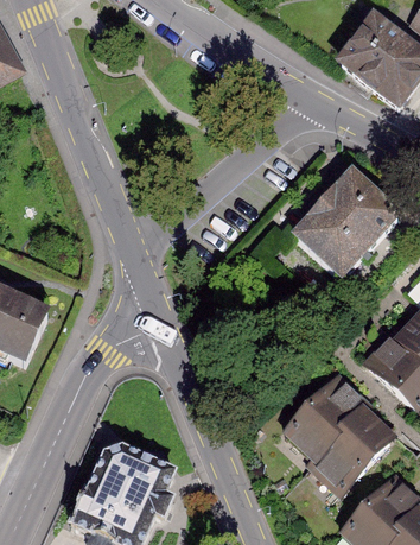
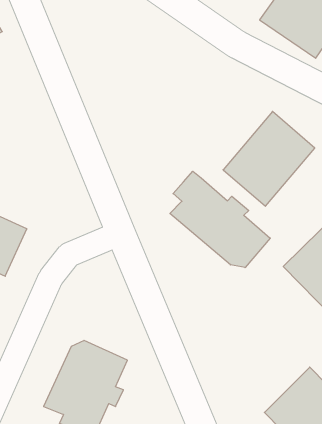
building: none -> [170,171,270,268]
building: [284,376,396,488] -> none

